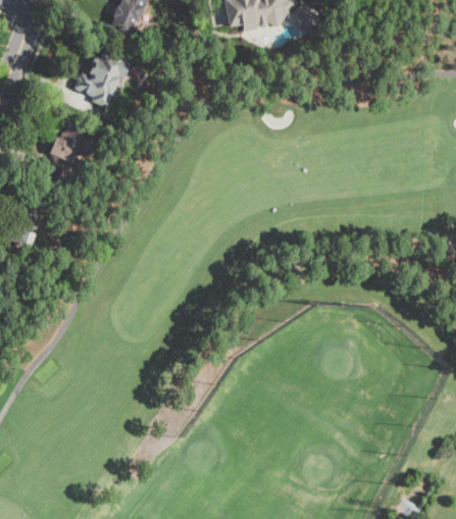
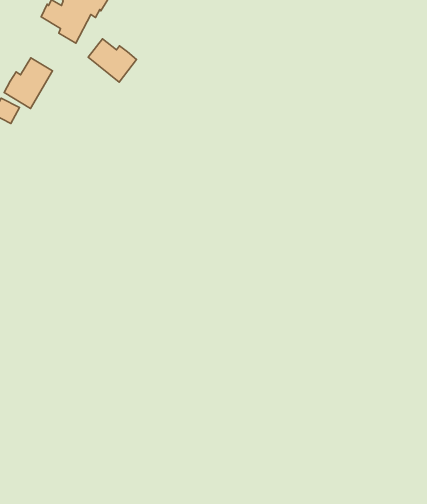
building: none -> [88,39,136,82]

